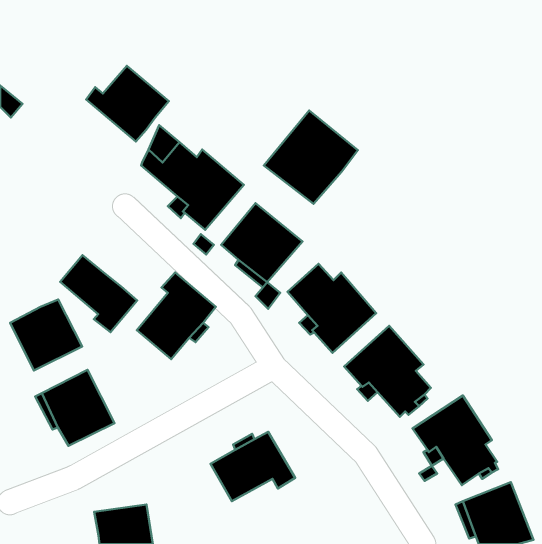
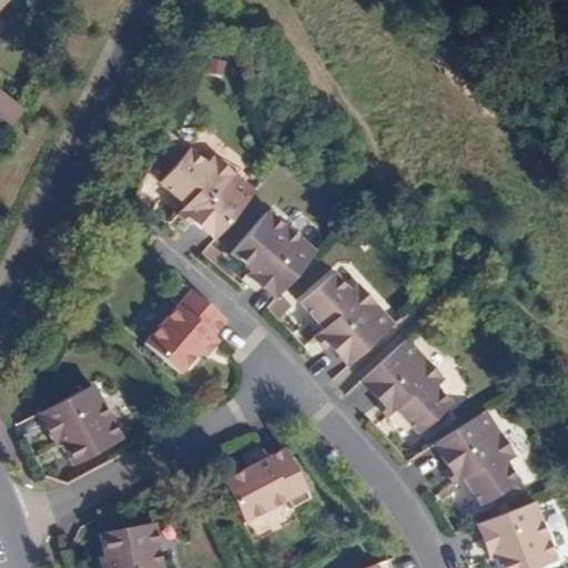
building: [86,66,169,141] -> none
building: [264,110,358,204] -> none
building: [60,255,137,332] -> none
building: [10,300,82,371] -> none

